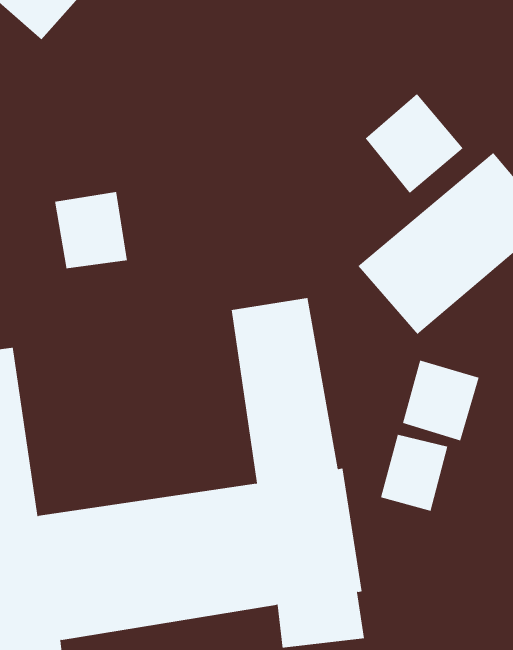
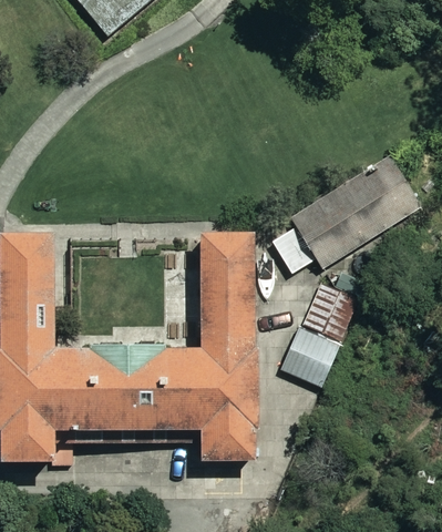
building: [365,93,464,194] -> none
building: [55,191,128,269] -> none

